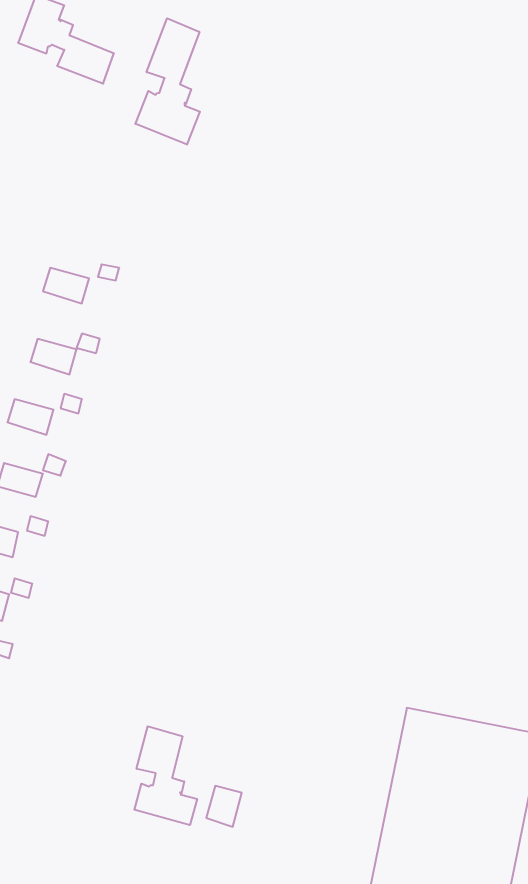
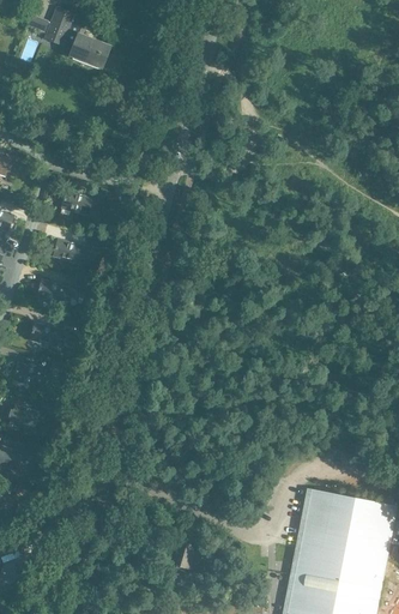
building: [135,18,200,145] -> none
building: [134,726,197,825] -> none

